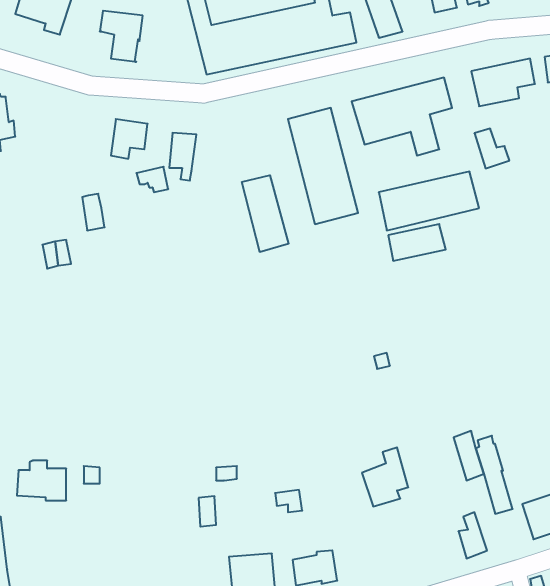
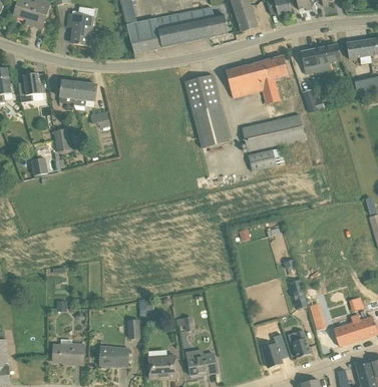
building: none -> [17,70,42,102]
building: [169,133,196,181] -> [59,80,76,110]
building: [242,175,289,252] -> none
building: [362,447,408,506] -> [258,331,287,368]
building: [17,461,66,500] -> [52,339,83,364]
building: none -> [99,346,128,366]

